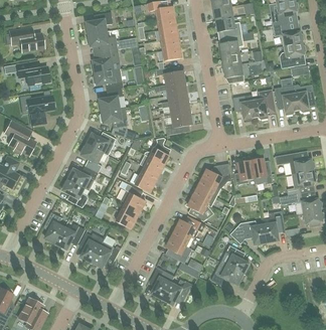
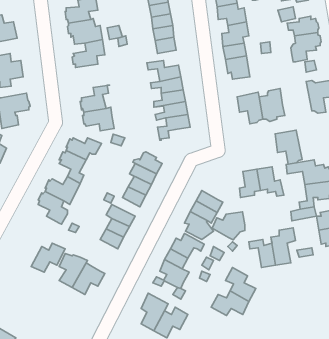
building: [93,68,123,90] -> none
building: [274,85,297,114] -> [275,130,302,164]
building: [202,164,230,188] -> [212,212,245,240]
building: [43,211,64,243] -> none

